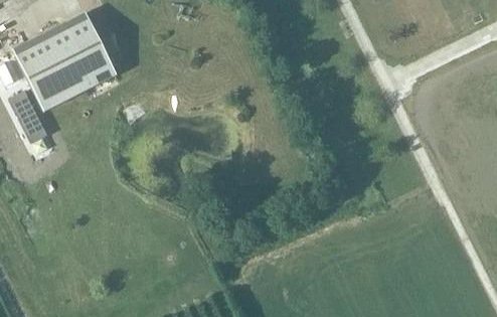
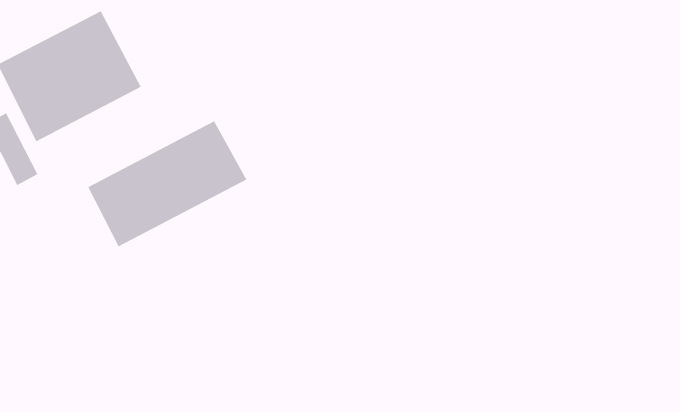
building: none -> [87,120,248,247]

